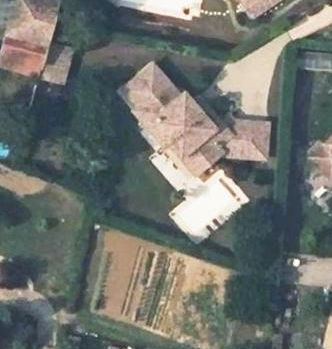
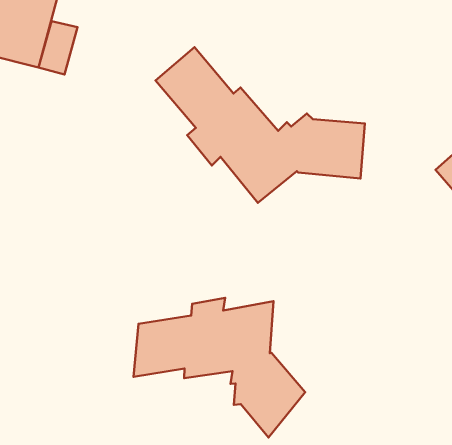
building: none -> [134,298,305,437]

